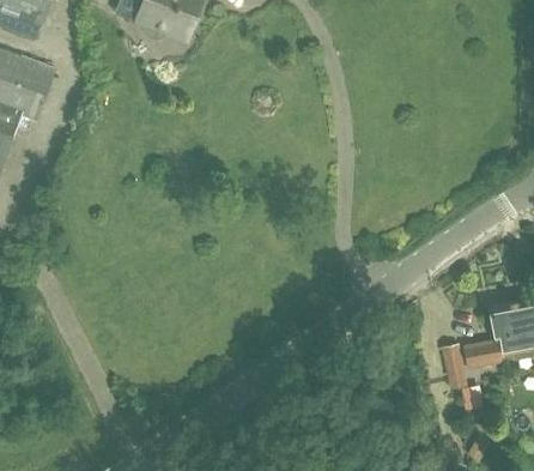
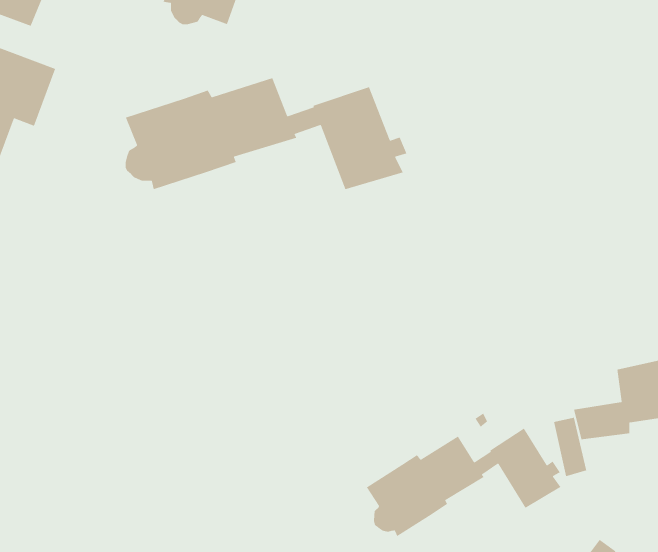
building: none -> [125,77,408,190]
building: none -> [366,428,562,537]

